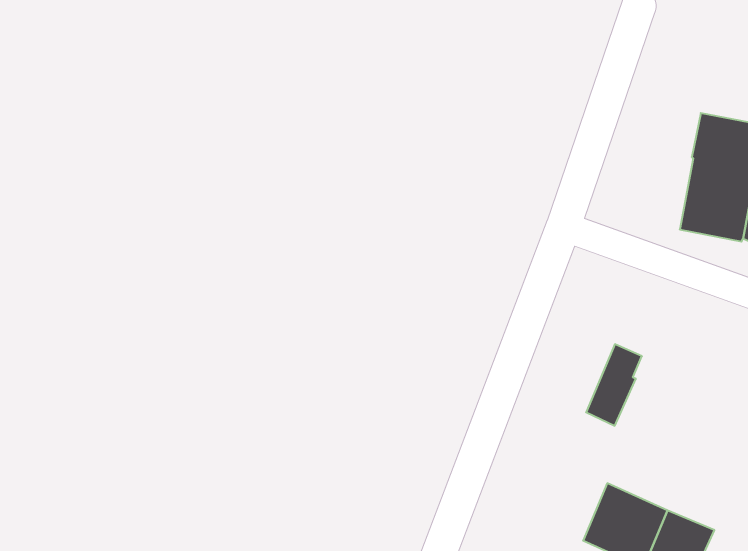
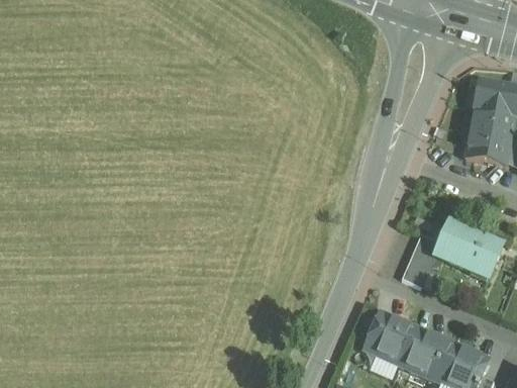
building: none -> [433,223,502,279]
building: none -> [364,311,416,365]

